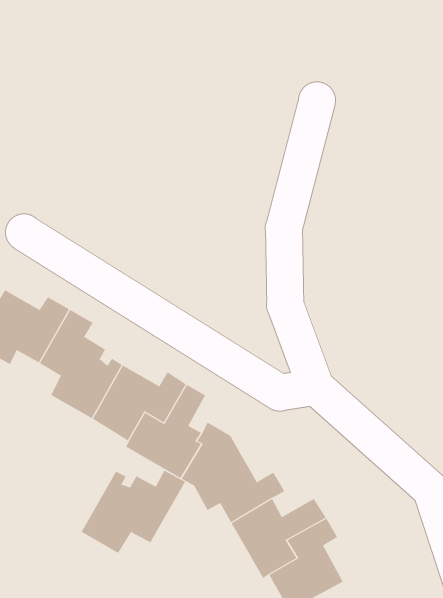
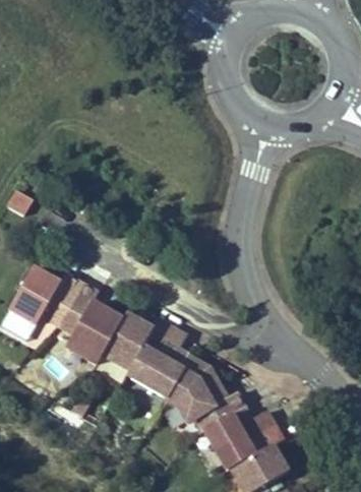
building: [81,470,186,554] -> none

